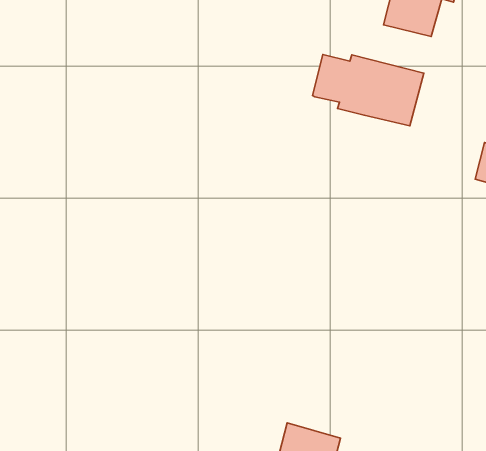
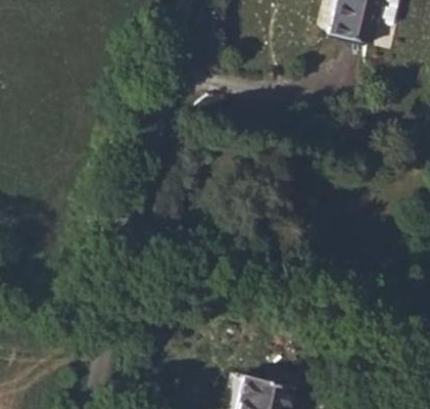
building: [312,55,424,126] -> none

